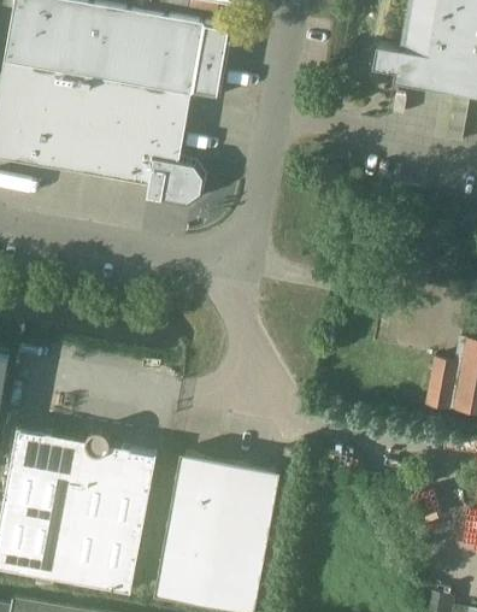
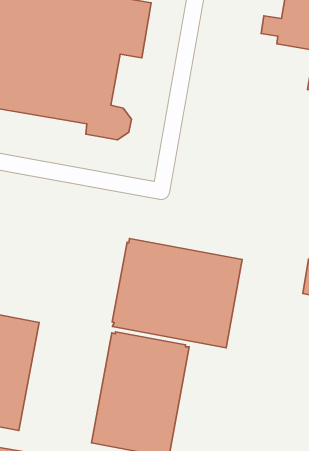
building: none -> [112,238,242,348]
building: [59,431,155,593] -> none

